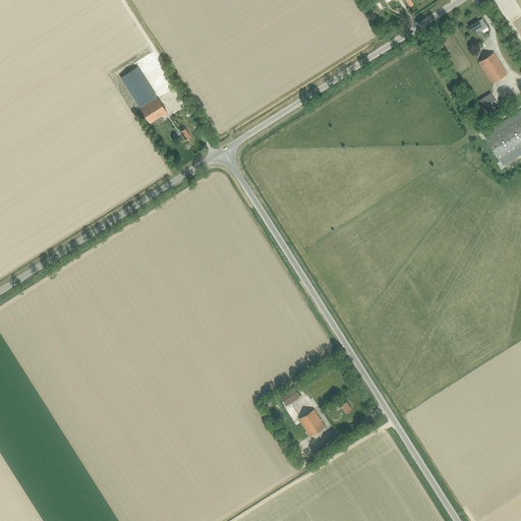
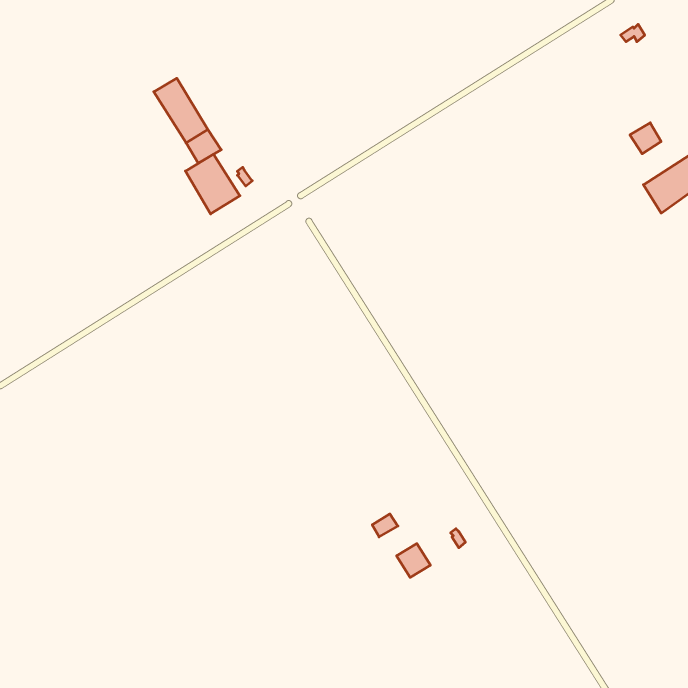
building: [479,54,508,84] -> none
building: none -> [185,154,240,214]

